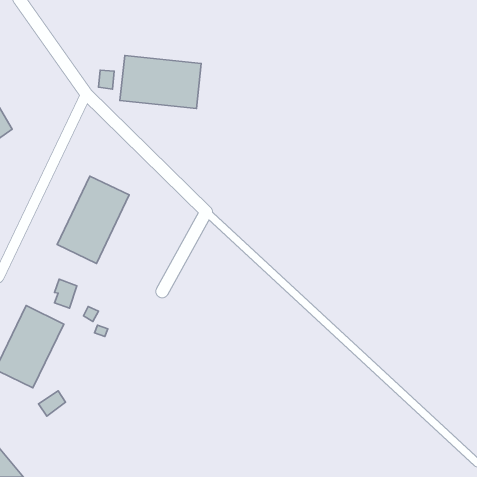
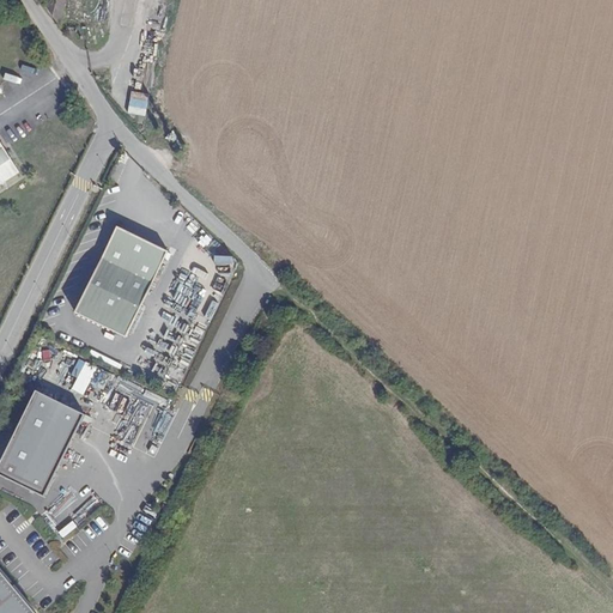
building: [120,55,201,109] -> none

